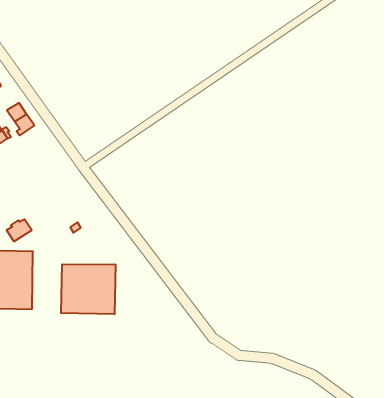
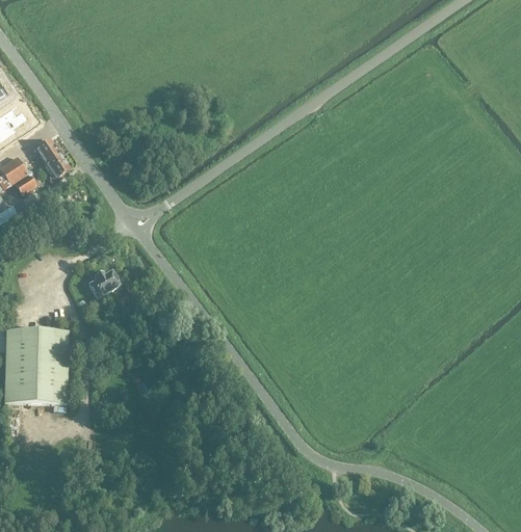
building: [7,219,32,241] -> [87,269,120,297]
building: [61,264,115,314] -> none

